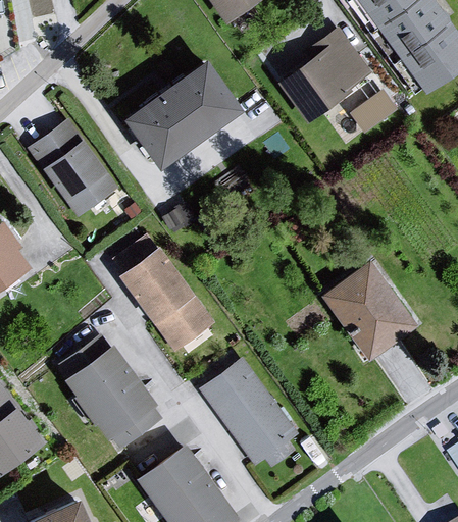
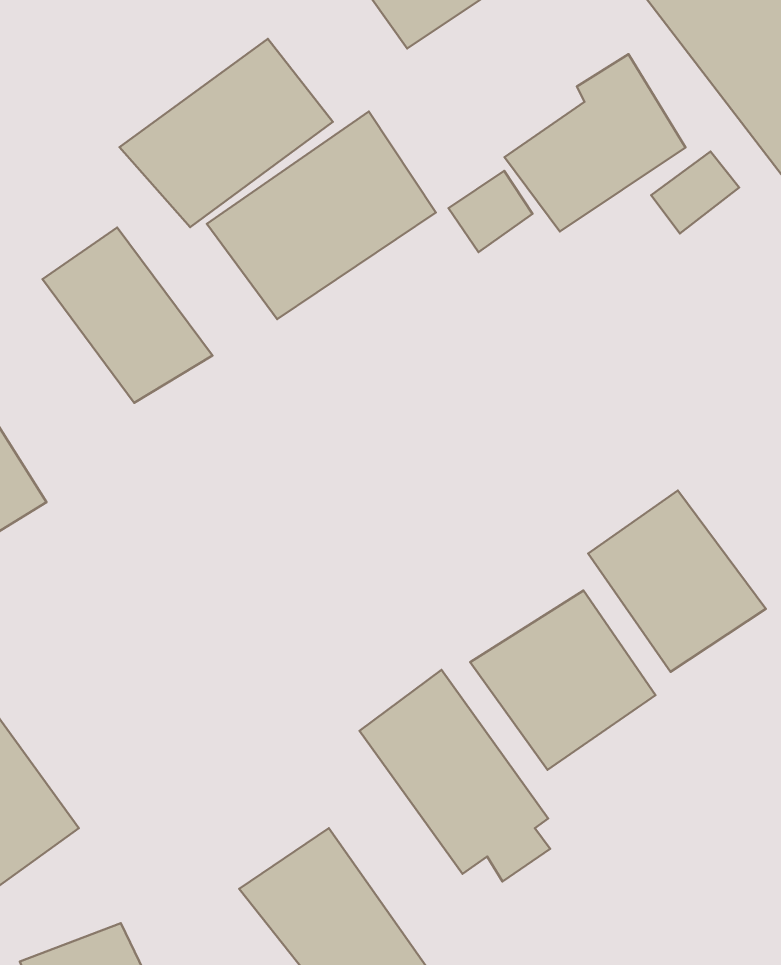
building: none -> [120,39,333,227]
building: none -> [448,171,533,252]
building: [118,248,216,358] -> none
building: none -> [470,590,655,770]
building: [62,345,164,450] -> none

